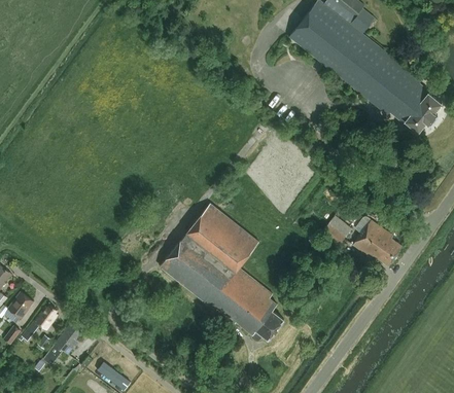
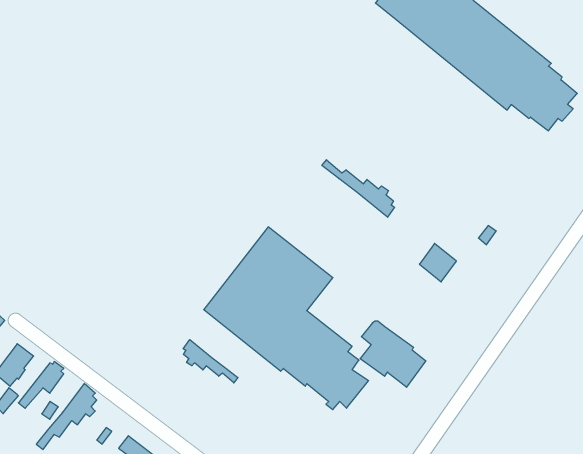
building: none -> [322,160,395,217]
building: [352,217,401,266] -> [360,321,426,387]
building: none -> [183,340,238,383]

